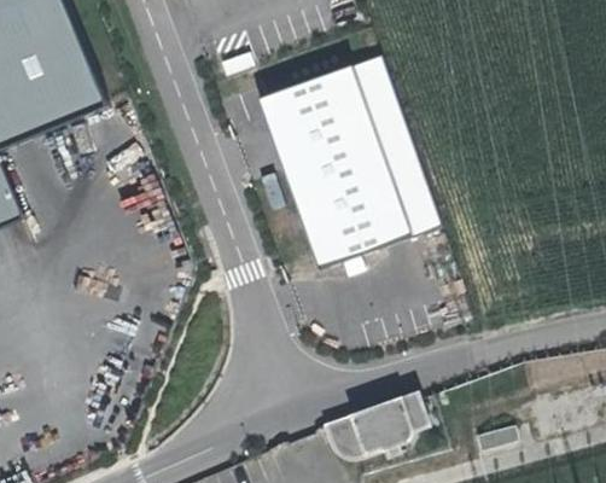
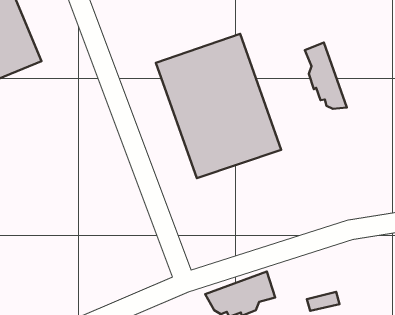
building: none -> [305,42,347,109]

